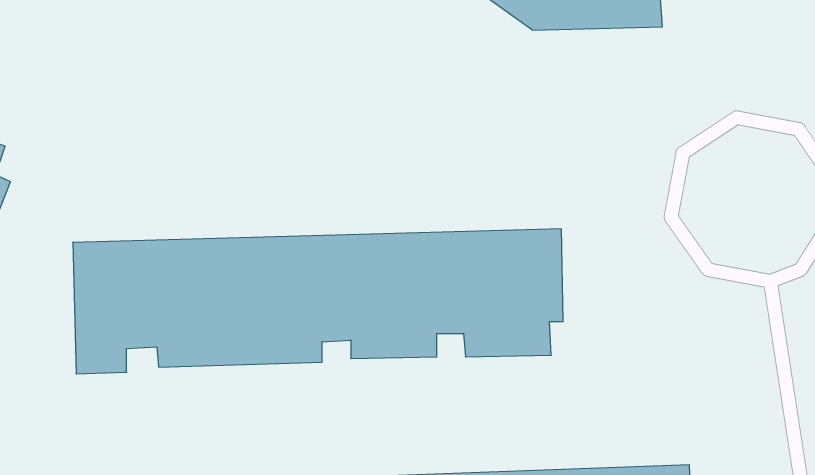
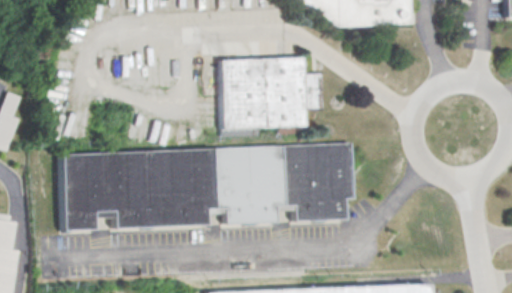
building: none -> [219,59,322,129]

